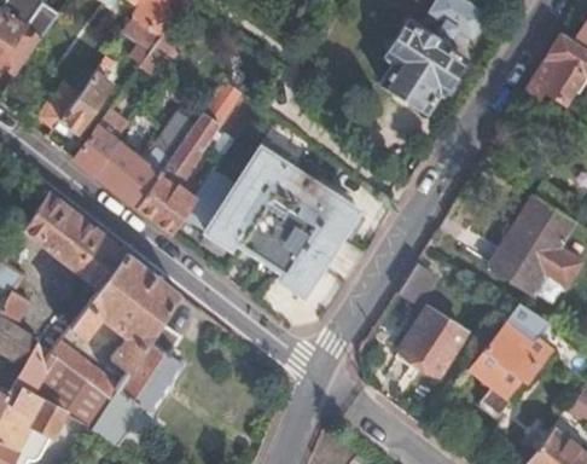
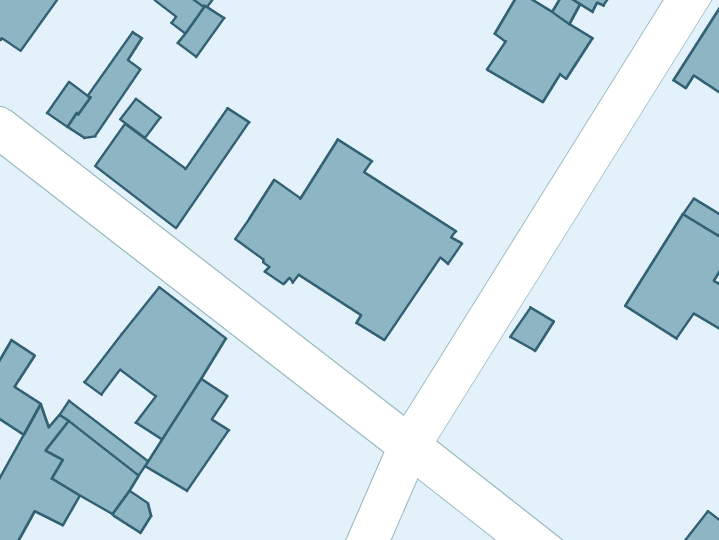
building: [140,81,239,233] -> none
building: [23,191,127,289] -> none
building: [467,303,548,399] -> none
building: [401,306,466,373] -> none

